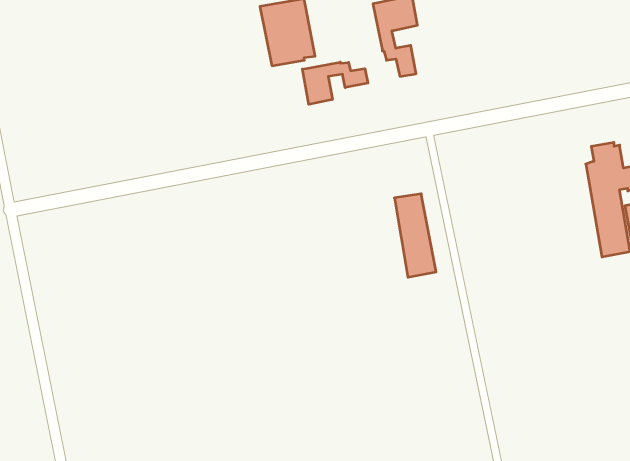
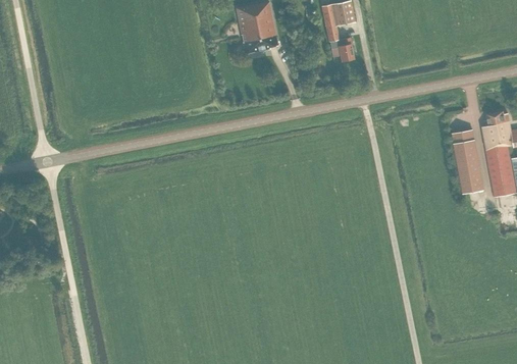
building: [302,62,368,104] -> none
building: [394,194,436,277] -> [452,128,483,192]

